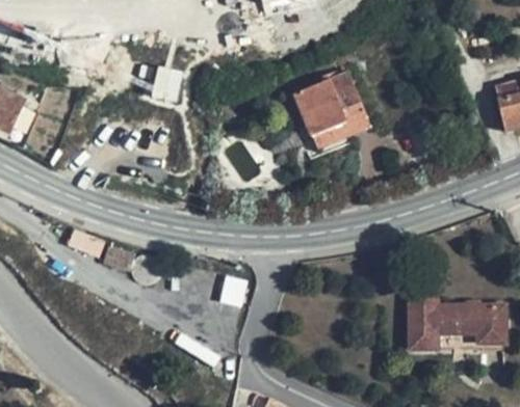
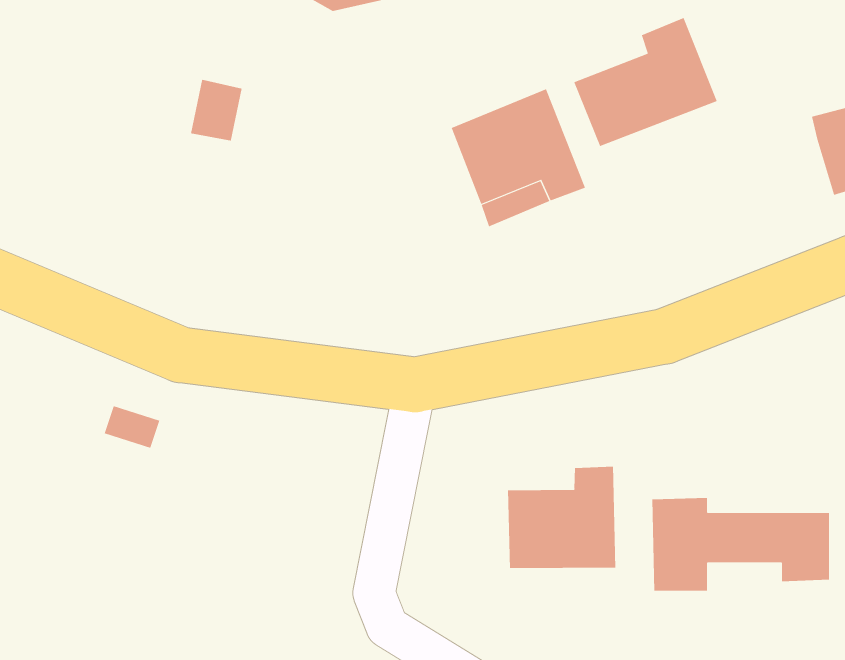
building: none -> [574,17,717,147]
building: none -> [507,466,616,569]

